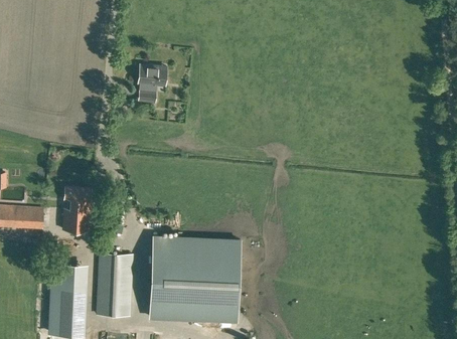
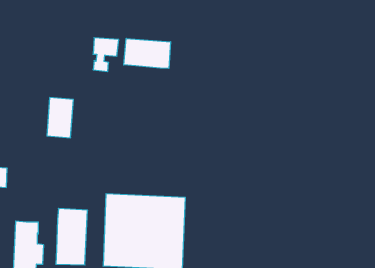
building: none -> [124,38,171,68]
building: [62,188,92,232] -> [47,98,73,138]

